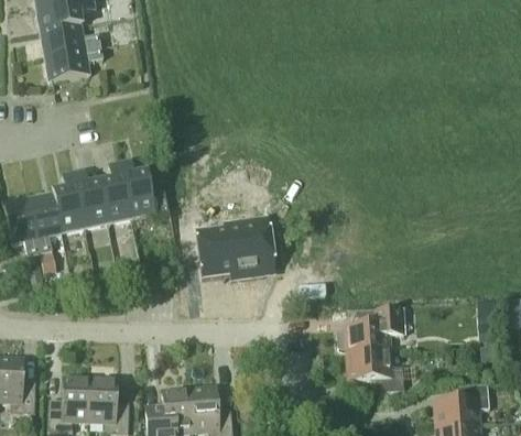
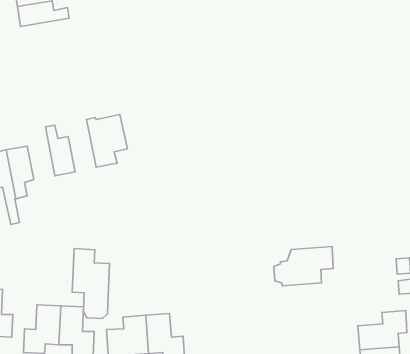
building: [45,45,104,80] -> none
building: [100,162,132,222] -> none
building: [53,171,85,231] -> none
building: [198,224,264,285] -> none
building: none -> [72,248,110,318]
building: [347,350,405,391] -> none

